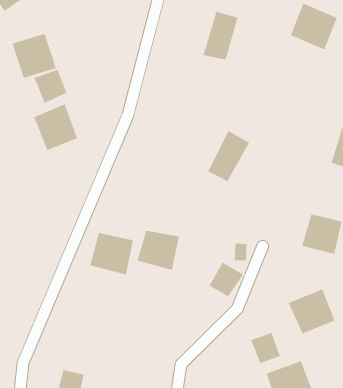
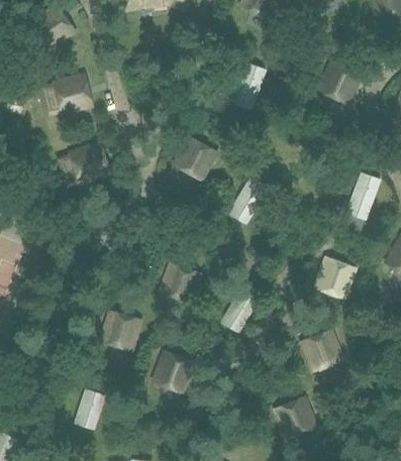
building: [34,69,67,104] -> none
building: none -> [169,135,216,181]
building: [90,232,134,275] -> [97,310,140,352]
building: none -> [149,350,194,392]
building: [250,332,281,364] -> none

